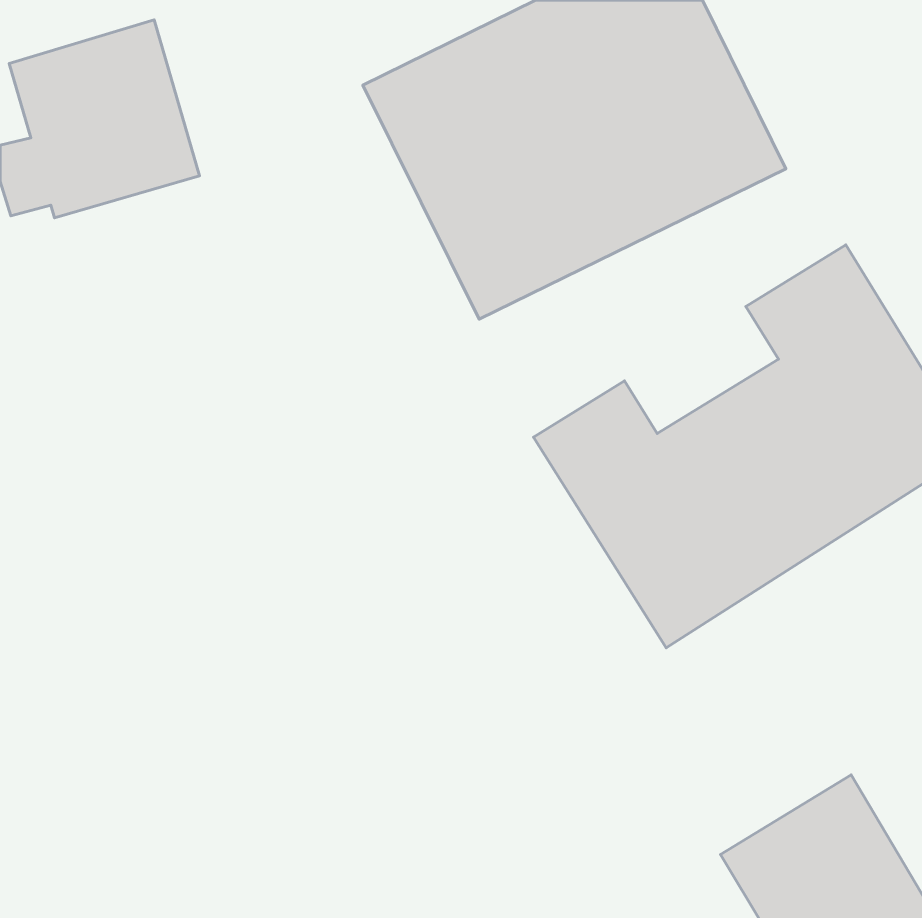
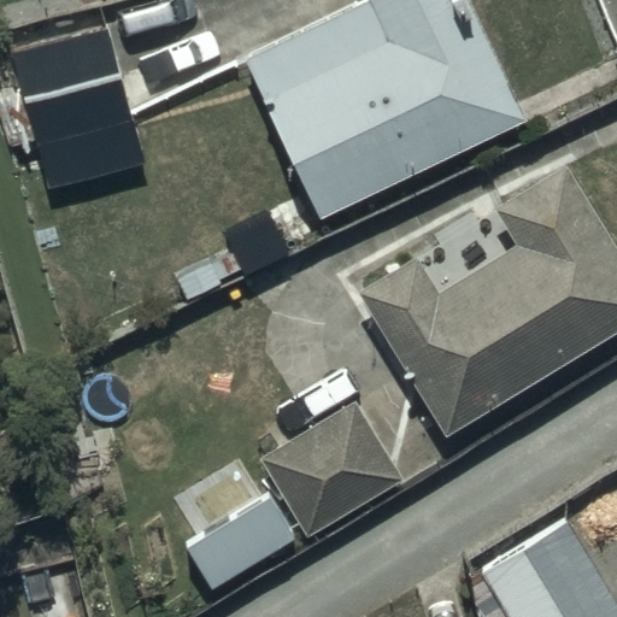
building: none -> [263,404,404,548]

